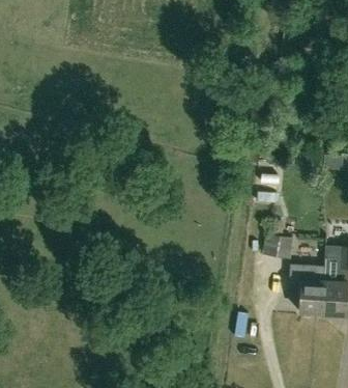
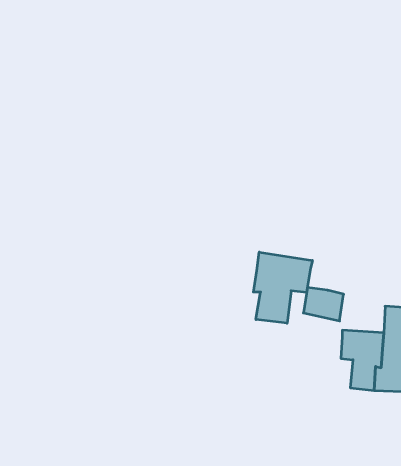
building: none -> [253,252,312,323]

